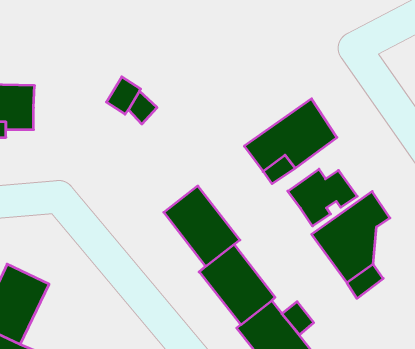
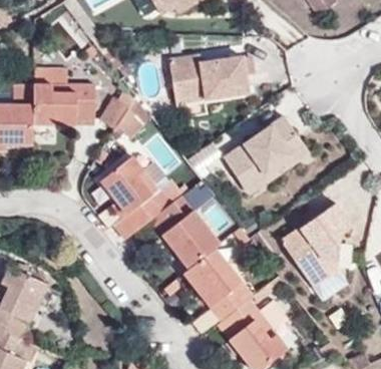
building: none -> [172,54,251,100]
building: none -> [32,82,95,124]
building: none -> [100,155,181,232]
building: [288,169,357,226] -> none

